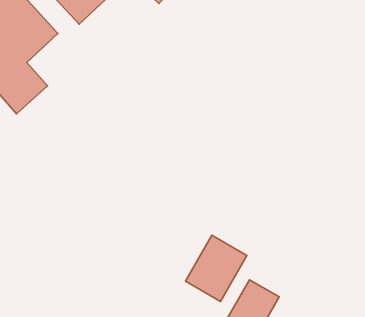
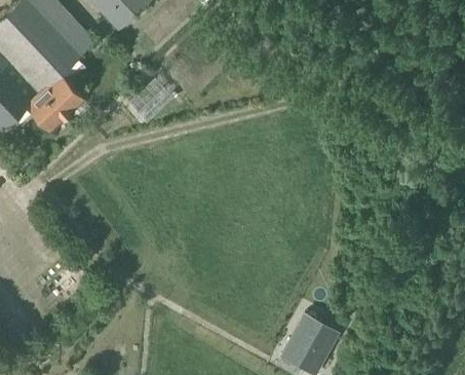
building: [185,235,247,301] -> none

